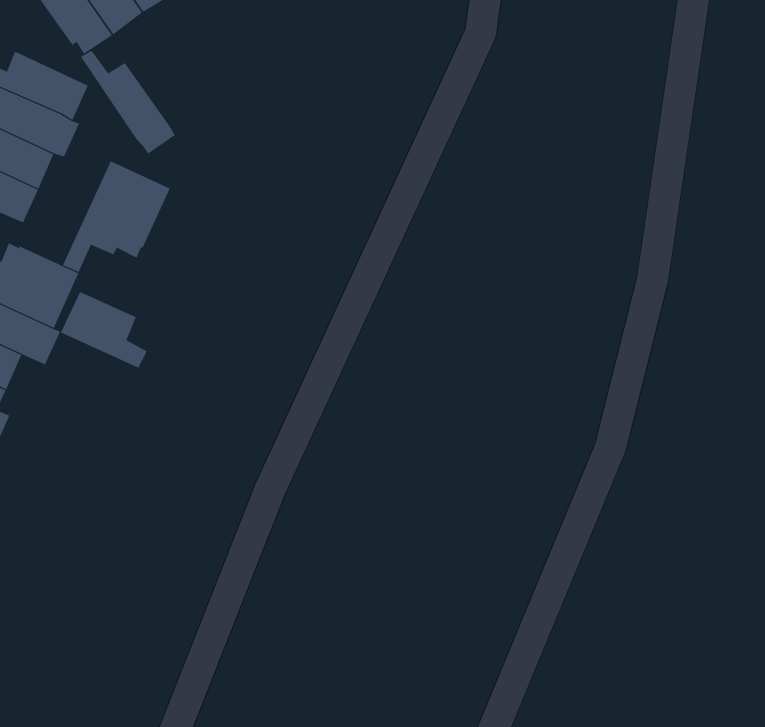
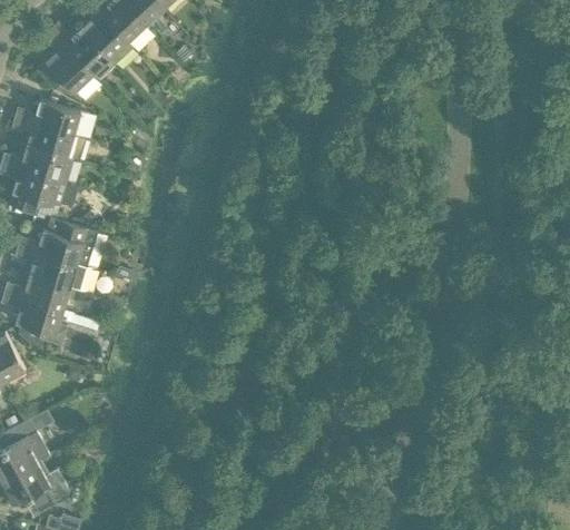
building: [80,50,175,155] -> none
building: [62,160,171,273] -> none
building: [60,291,148,369] -> none

